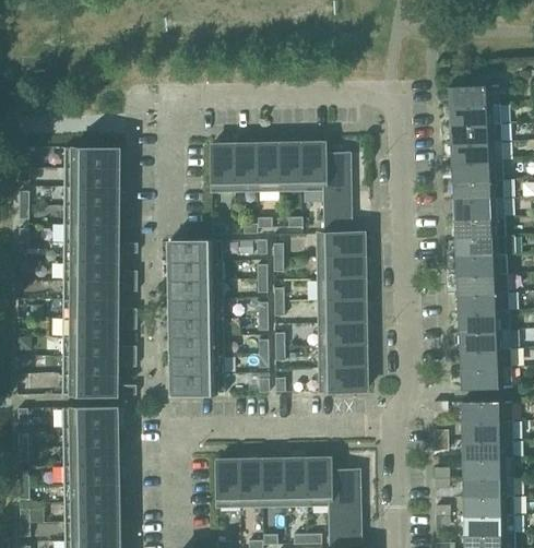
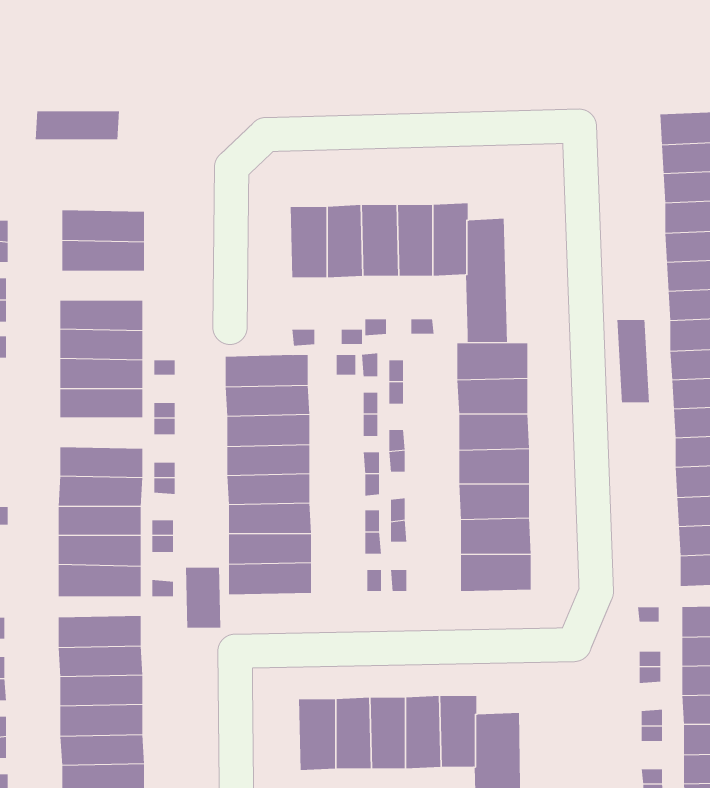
building: [64,187,119,205] -> [35,111,120,140]
building: none -> [617,319,649,403]
building: [64,281,118,300] -> none
building: none -> [186,567,221,629]

